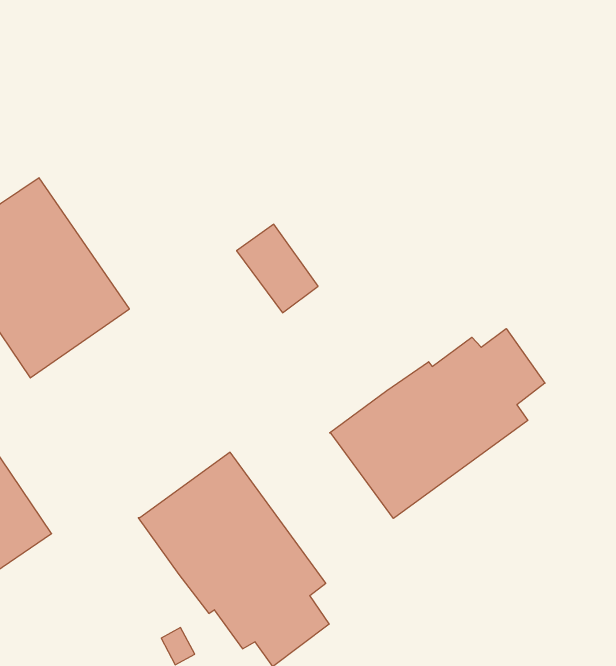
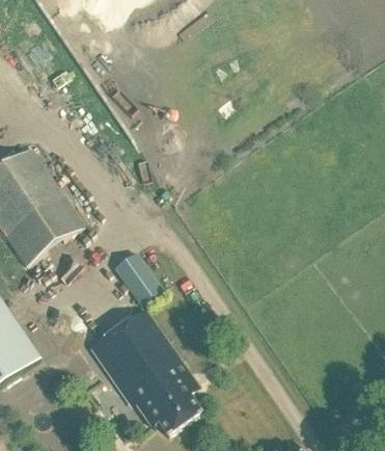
building: [237,224,318,313] -> [112,249,160,301]
building: [330,329,545,518] -> none

